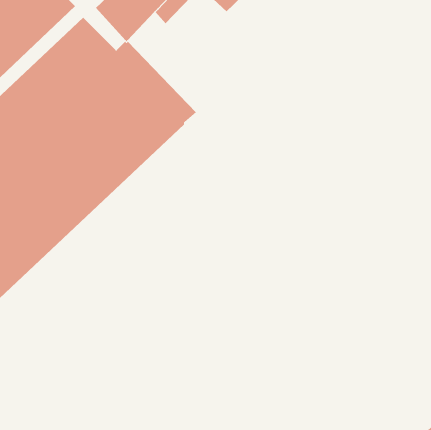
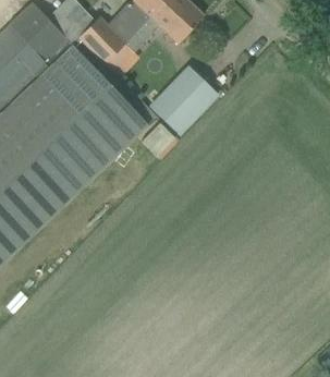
building: none -> [149,66,217,134]

